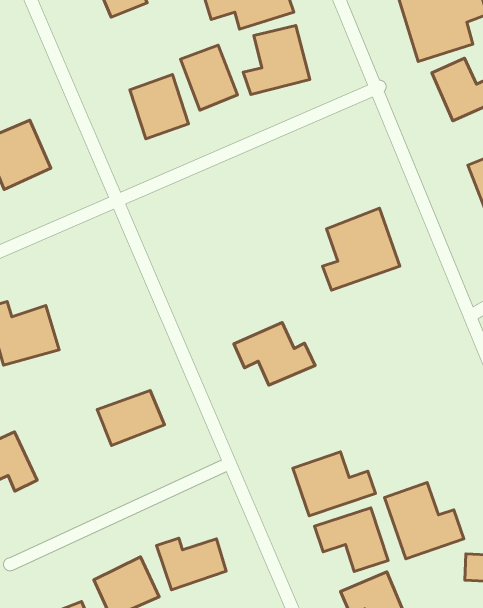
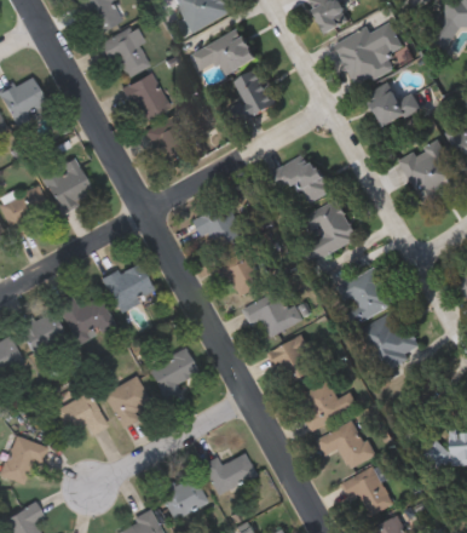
building: [181,45,238,110] -> [123,74,168,124]
building: none -> [270,151,333,204]
building: none -> [194,202,243,247]
building: none -> [221,248,267,298]
building: none -> [102,260,154,311]
building: none -> [335,264,396,323]
building: none -> [271,337,318,390]
building: none -> [104,378,146,428]
building: [384,482,464,559] -> [361,313,422,371]

